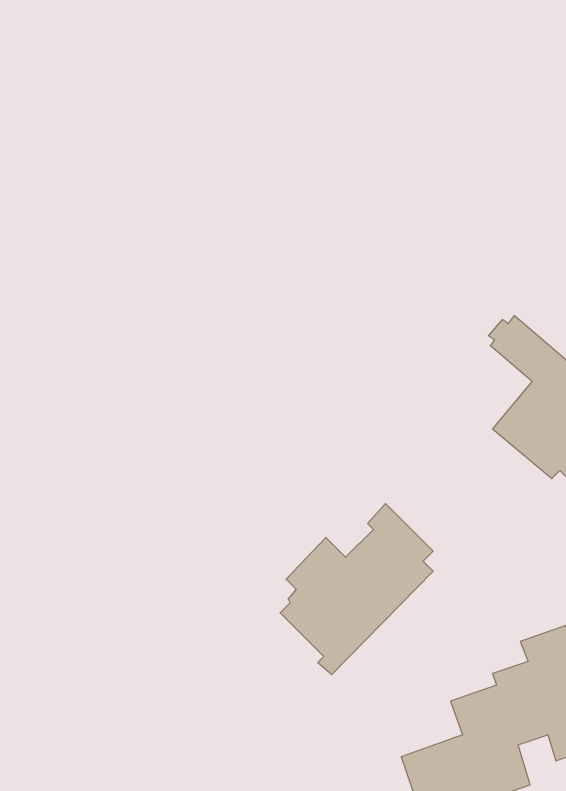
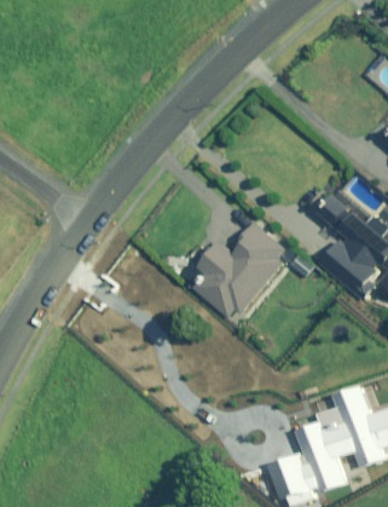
building: [280,504,433,675] -> [192,221,285,325]

